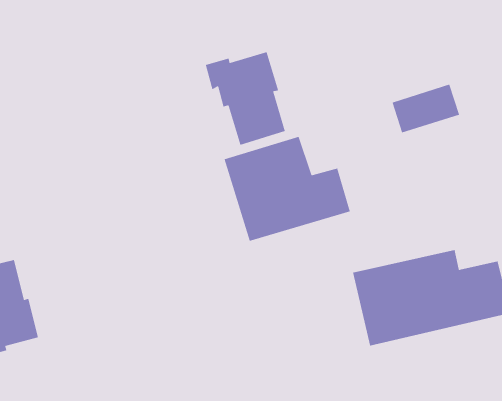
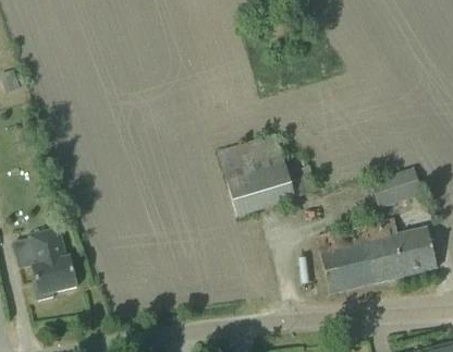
building: [205,51,286,146] -> none
building: [391,83,460,134] -> [369,170,421,208]

